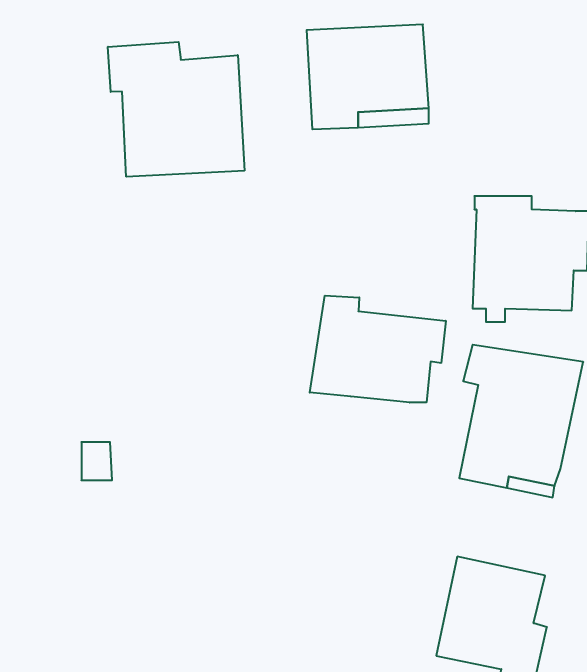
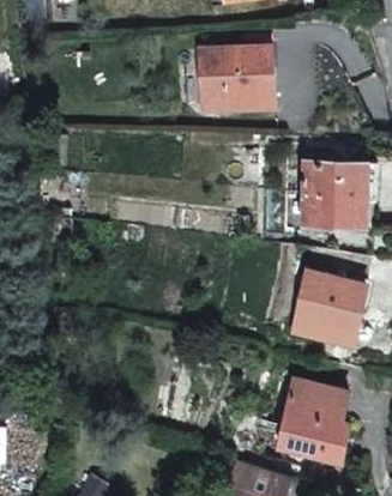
building: [108,42,244,177] -> none
building: [310,296,446,403] -> none

